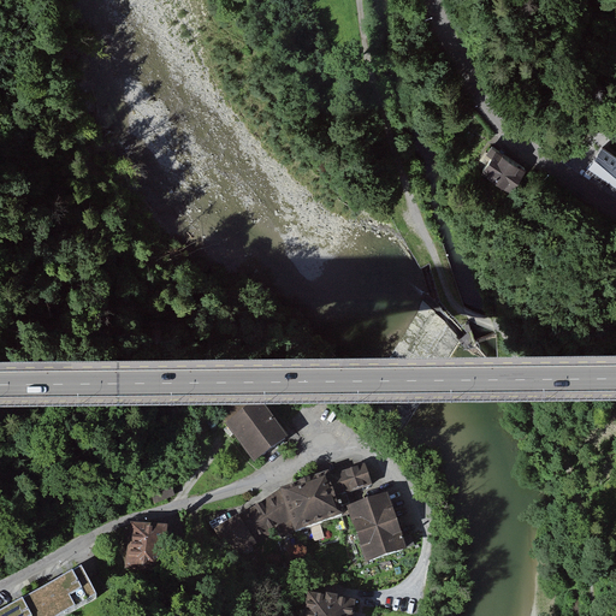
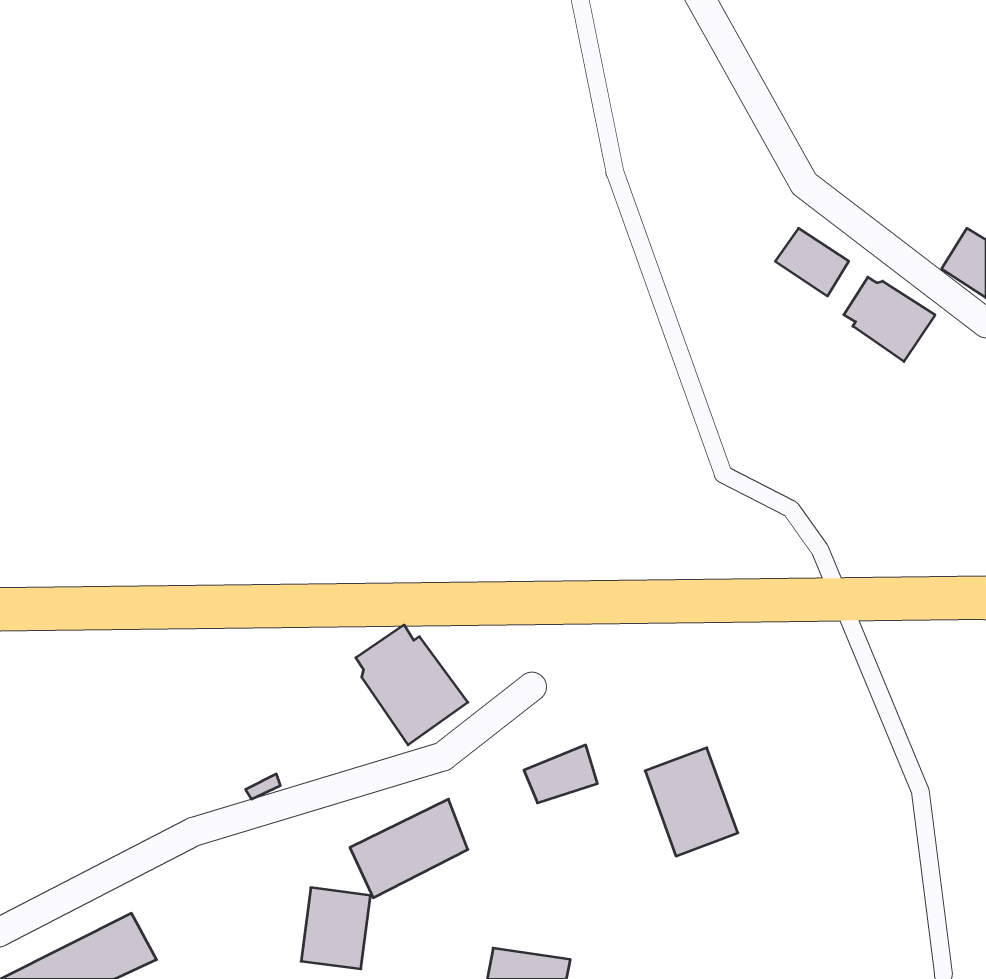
building: none -> [844,277,935,362]
building: [279,479,340,533] -> none
building: [348,492,405,559] -> [645,748,738,856]
building: [124,520,167,570] -> [301,888,371,969]

